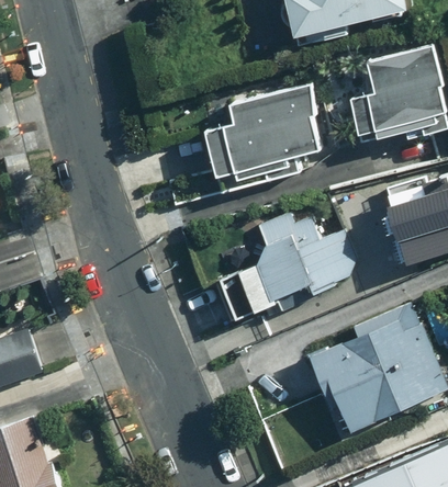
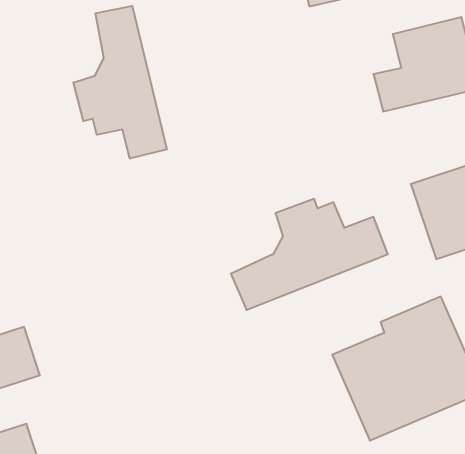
building: none -> [73,6,167,159]
building: [204,87,315,178] -> none

